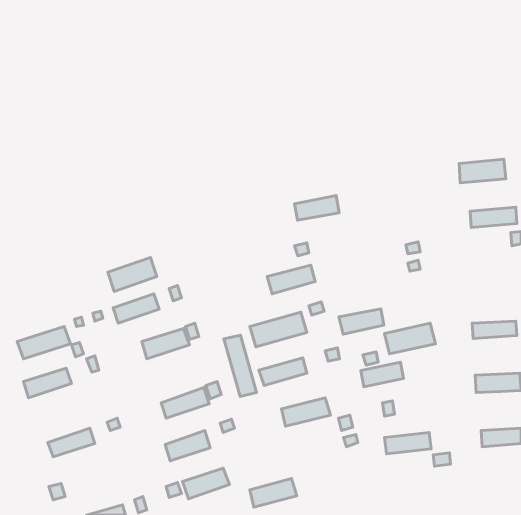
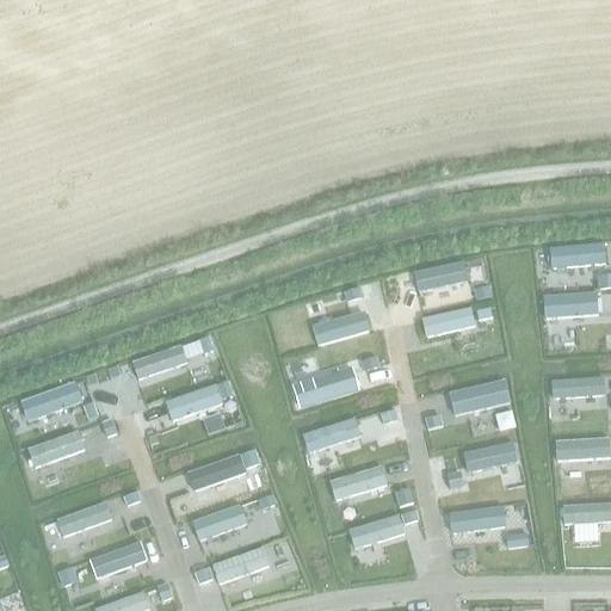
building: [459,159,506,183] -> [544,290,599,317]
building: [294,196,339,220] -> [414,260,467,289]
building: [108,257,157,291] -> none
building: [339,309,384,334] -> [422,307,475,337]
building: [224,335,256,397] -> none
building: [361,362,404,387] -> [465,443,516,471]
building: none -> [90,541,147,578]
building: [250,479,297,507] -> [350,514,405,548]

